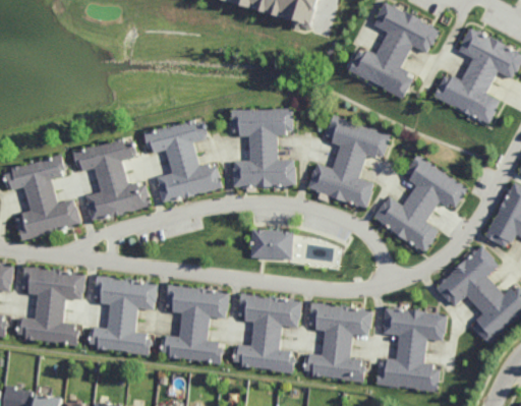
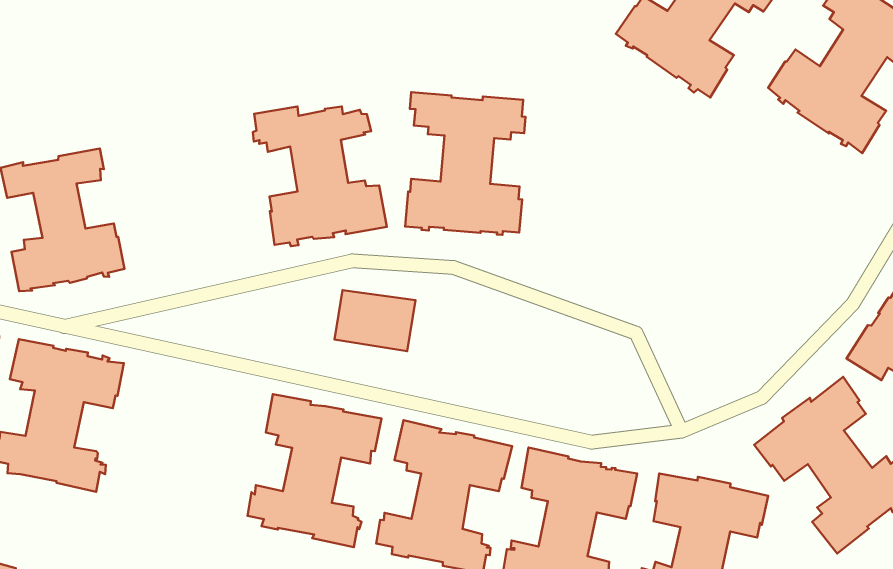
building: [309,113,392,208] -> none
building: [73,137,152,220] -> none
building: [374,153,470,252] -> none
building: [251,228,294,258] -> [334,290,415,351]
building: [88,275,158,355] -> none

